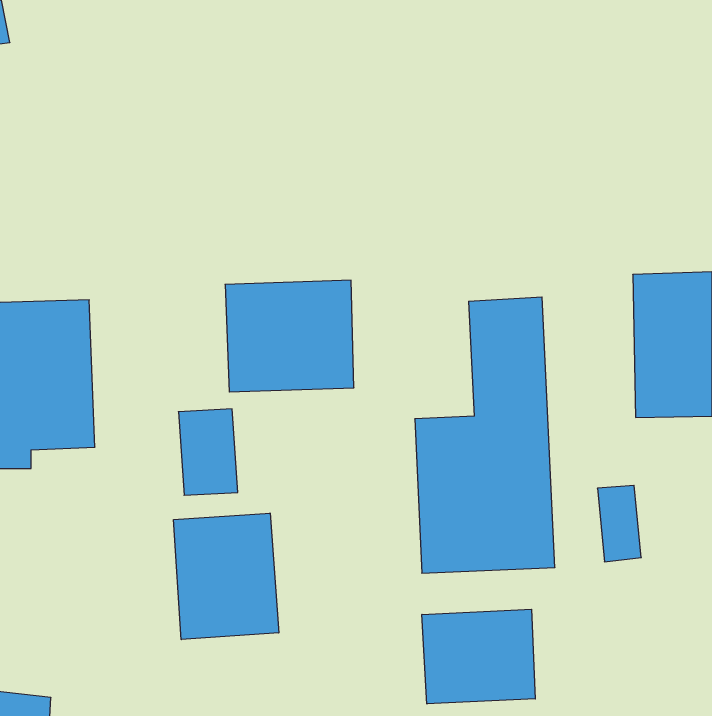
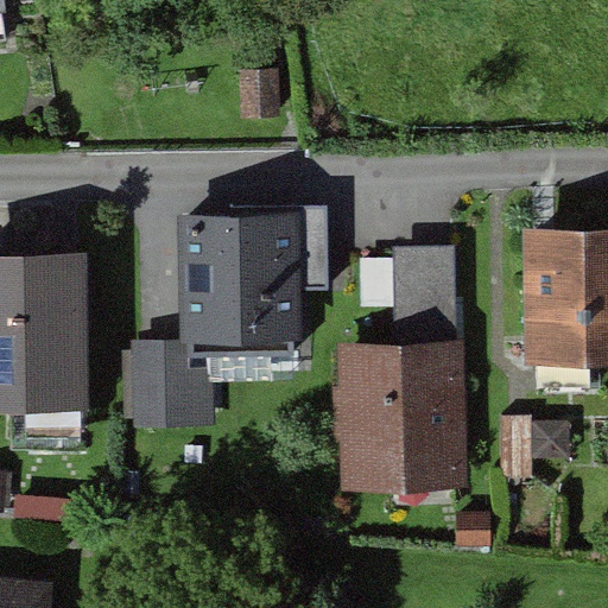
building: [174,513,279,640] -> none
building: [422,609,535,704] -> none

